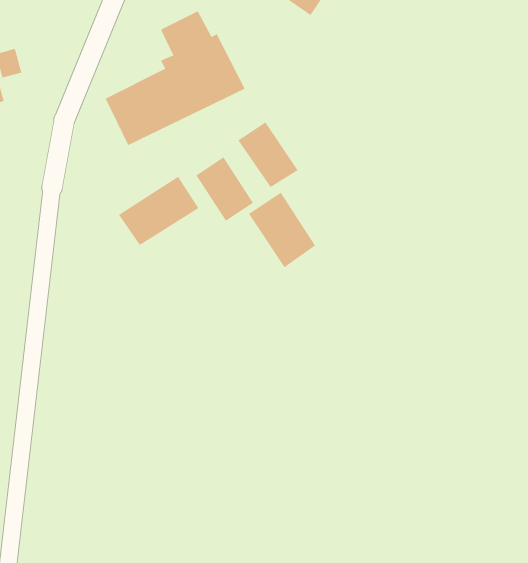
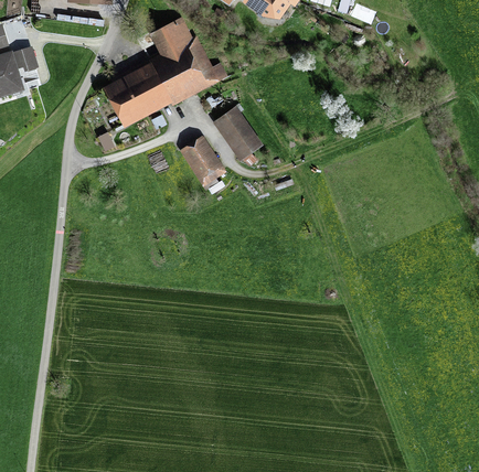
building: [118,176,199,246] -> none
building: [248,192,316,268] -> none

